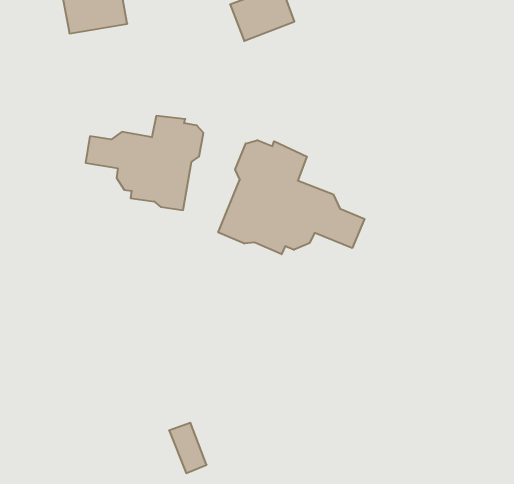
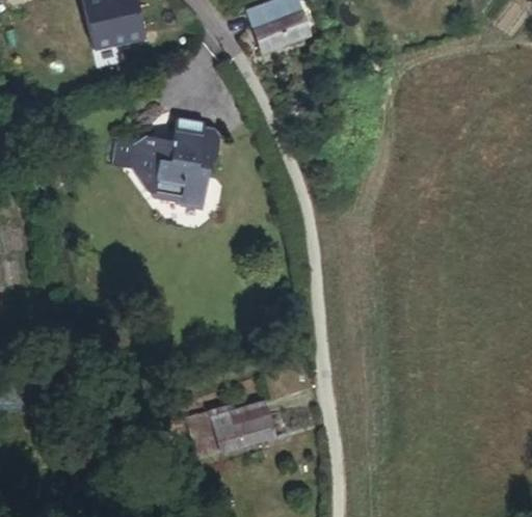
building: [218,140,365,254] -> none
building: none -> [208,402,280,457]

